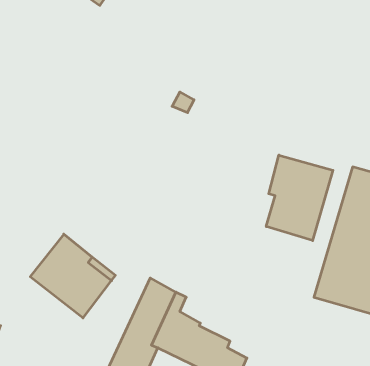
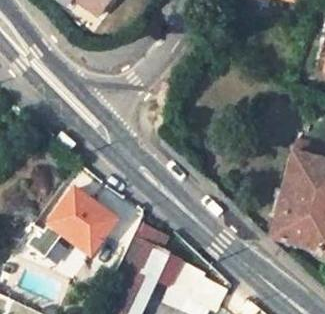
building: [266,155,333,241] -> none

